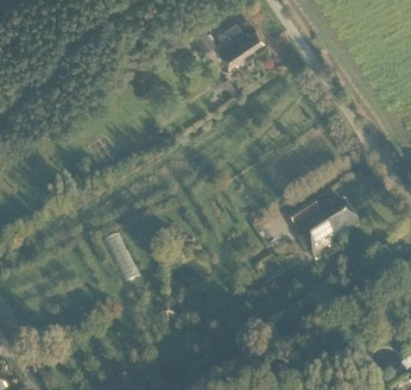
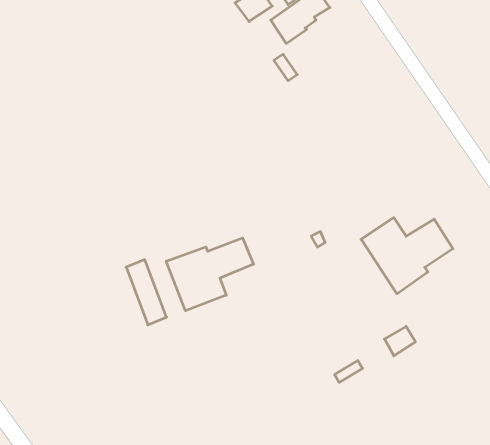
building: none -> [166,238,254,311]

